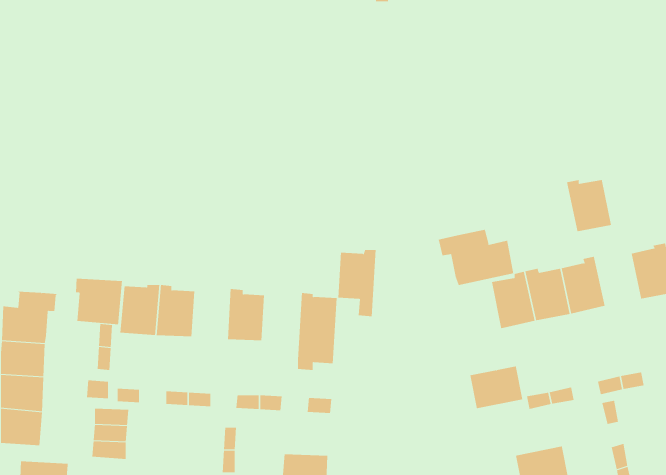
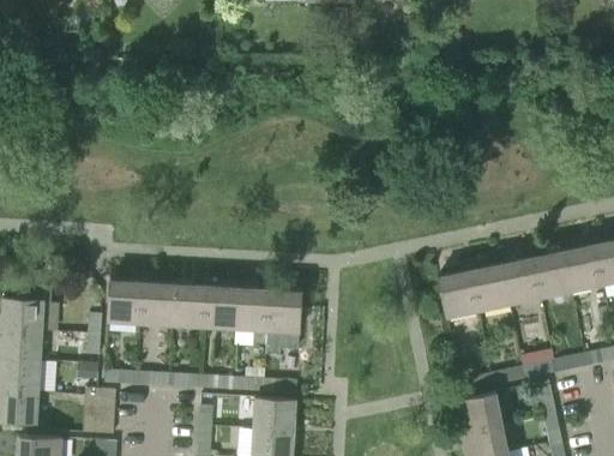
building: [566,179,612,232] -> [530,251,571,298]
building: [437,228,514,286] -> none
building: [338,249,377,317] -> [234,286,269,346]
building: [75,278,123,325] -> none
building: none -> [171,282,205,328]
building: [469,366,523,409] -> [453,392,501,431]
building: none -> [253,398,295,431]

